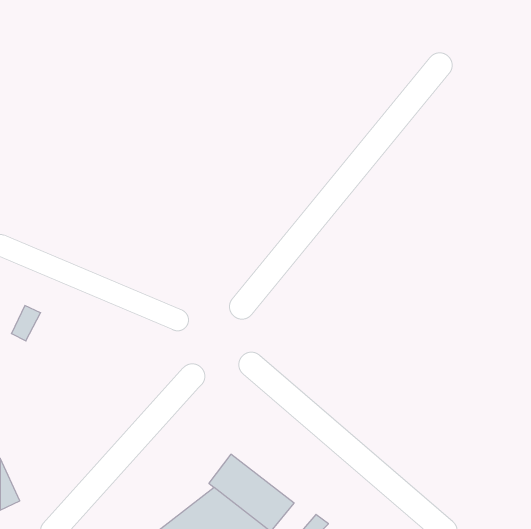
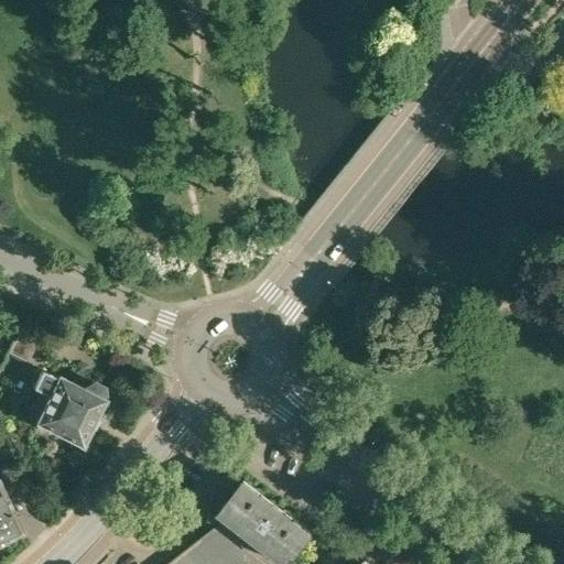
building: none -> [26,372,105,446]

